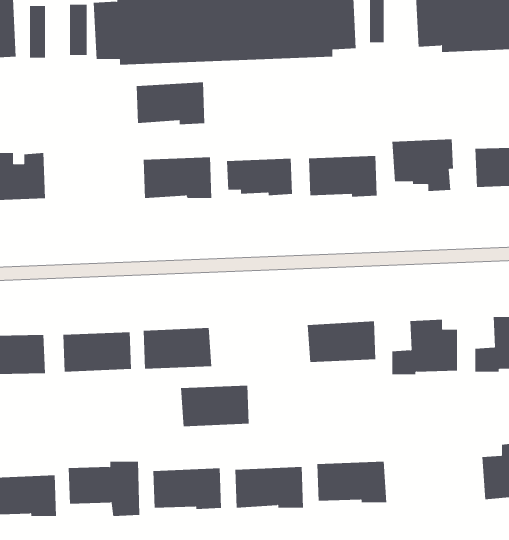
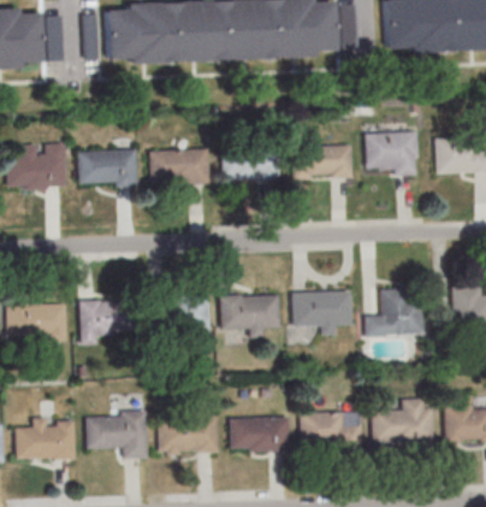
building: [136,82,205,125] -> [78,148,138,185]
building: [180,385,250,427] -> [219,293,279,329]
building: none -> [372,408,432,446]

